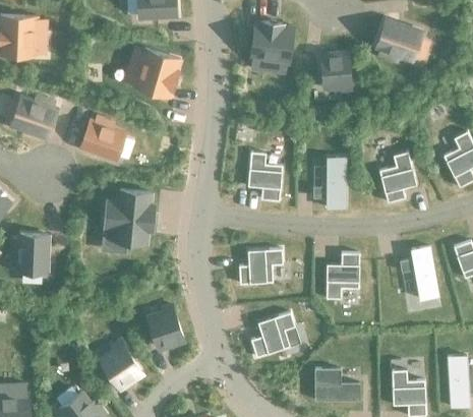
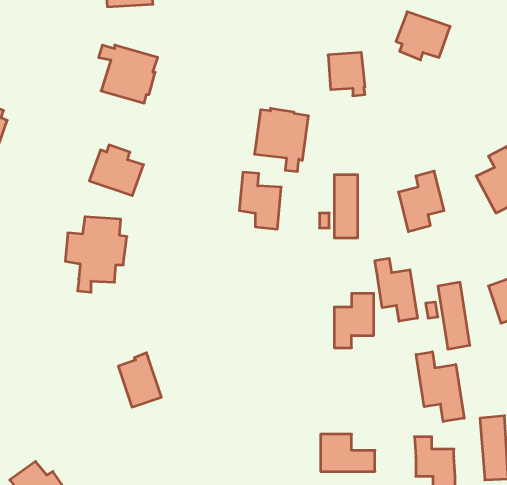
building: [250,22,295,74] -> [254,108,309,171]
building: [81,118,126,160] -> [89,145,144,196]
building: none -> [375,258,417,321]
building: [239,250,283,285] -> none
building: none -> [416,352,464,422]
building: [250,313,296,358] -> none
building: [99,338,139,382] -> none

